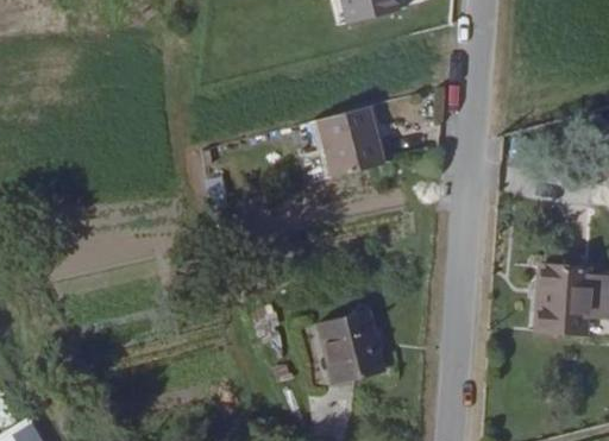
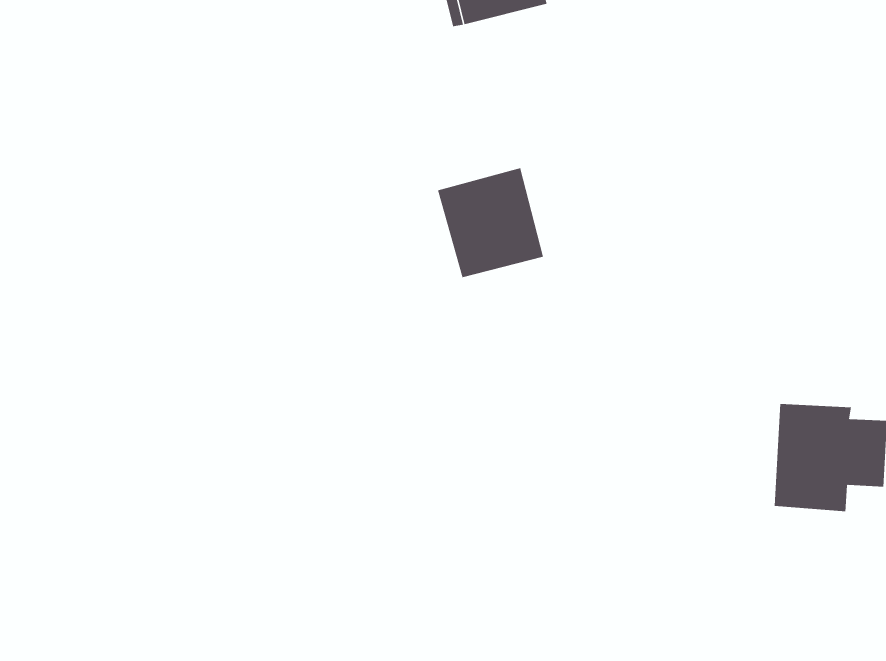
building: [321,310,381,384] -> none

